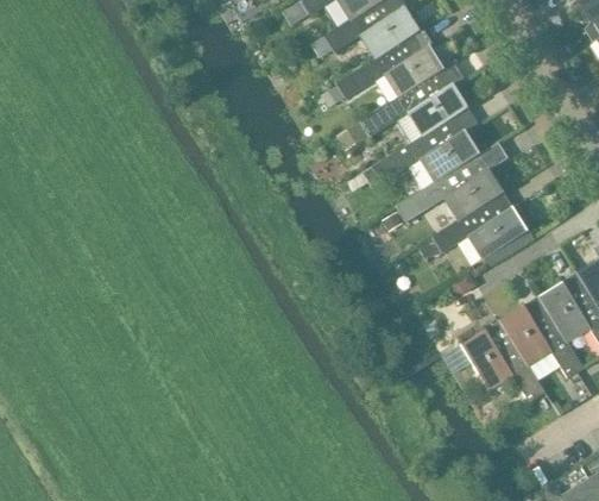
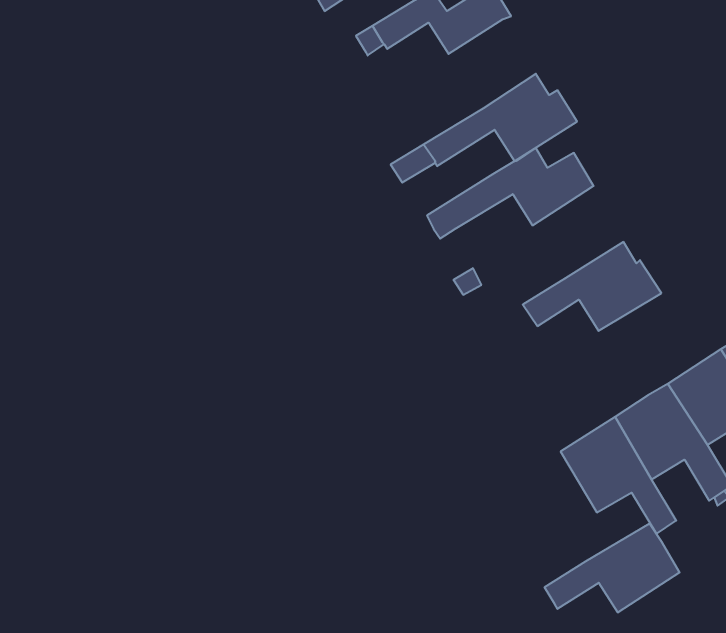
building: [336,32,447,100] -> none
building: [397,152,506,223] -> none
building: none -> [545,524,680,613]

